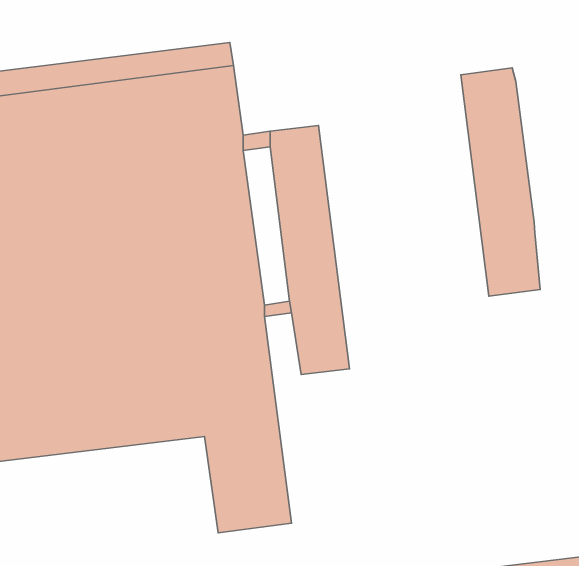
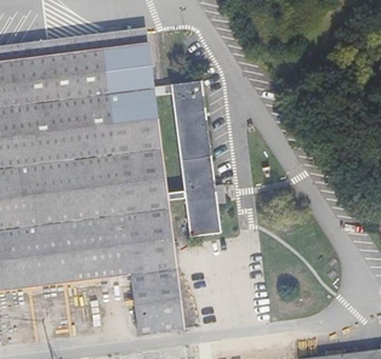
building: [461,68,540,296] -> none

